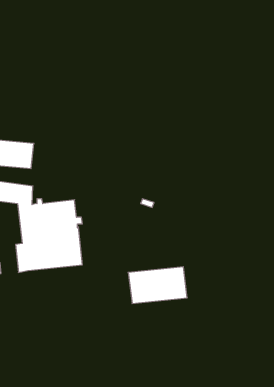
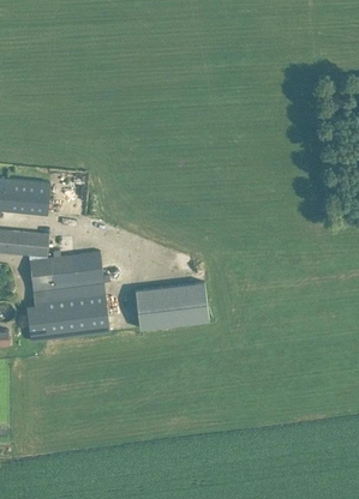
building: [128,267,187,304] -> [134,283,208,329]

